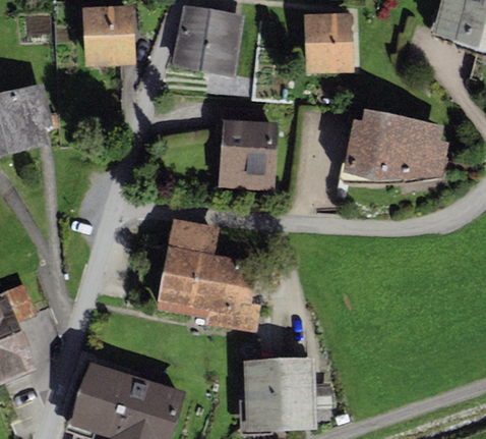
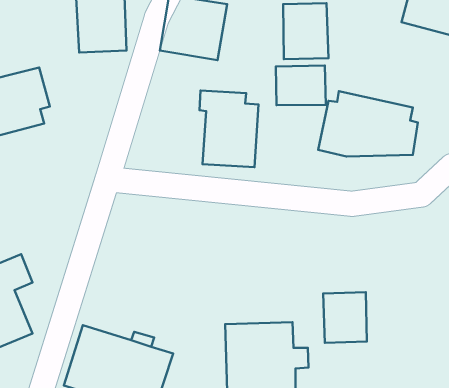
building: none -> [276,65,326,105]
building: [157,218,262,333] -> none
building: none -> [323,292,367,343]

